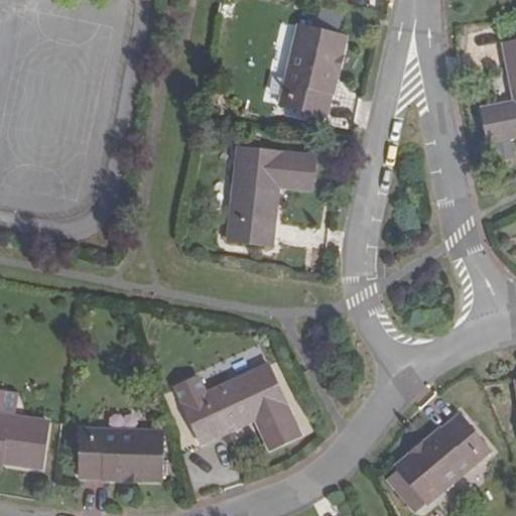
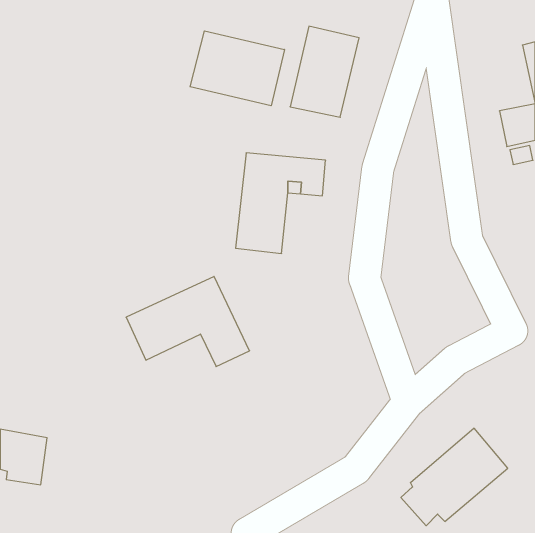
building: none -> [190,31,284,106]
building: [181,363,300,449] -> [126,276,250,367]
building: [80,428,161,480] -> none

